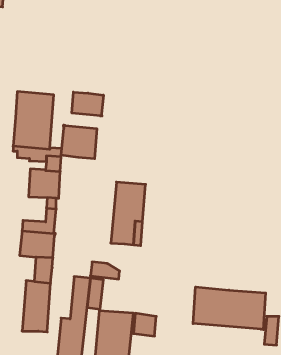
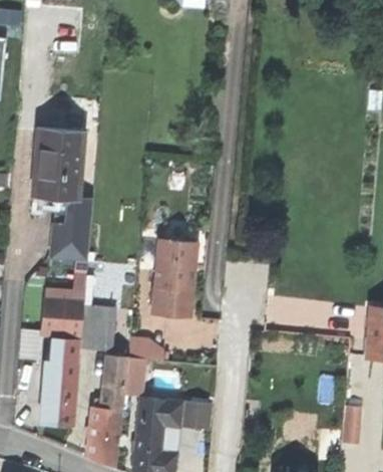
building: [72,92,103,116] -> none
building: [61,125,97,159] -> none
building: none -> [80,307,114,348]
building: [193,287,266,330] -> none

